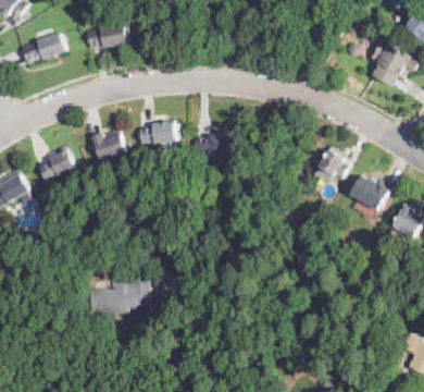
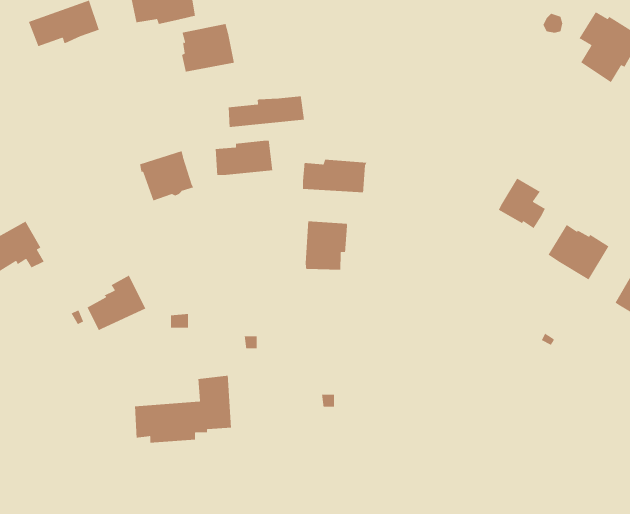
building: none -> [181,23,235,73]
building: none -> [228,95,305,128]
building: [37,145,75,181] -> [86,275,146,331]
building: none -> [305,221,348,271]

